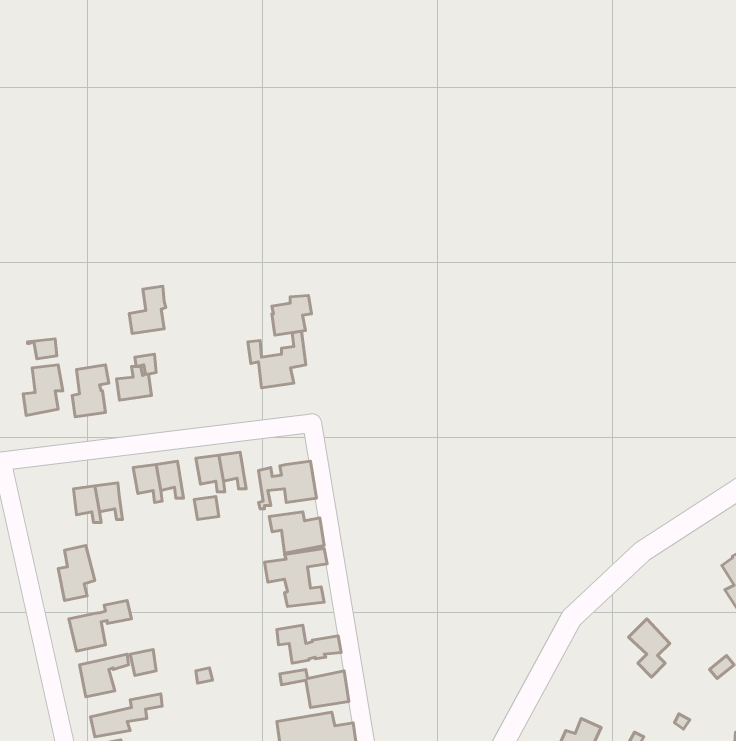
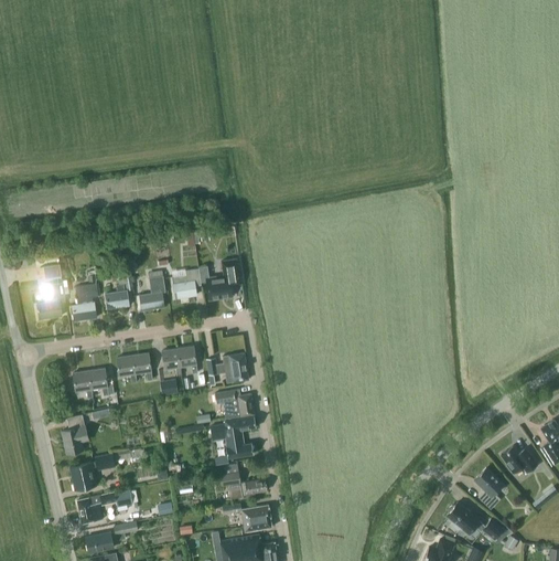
building: [129,286,166,333] -> [139,275,165,309]
building: [272,295,312,335] -> [172,268,201,297]
building: none -> [501,444,537,473]
building: none -> [445,501,502,538]

